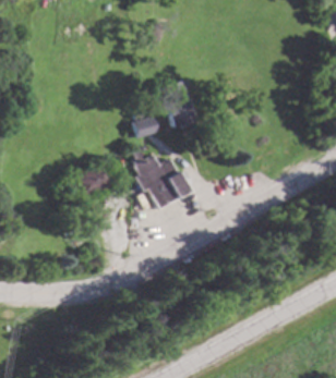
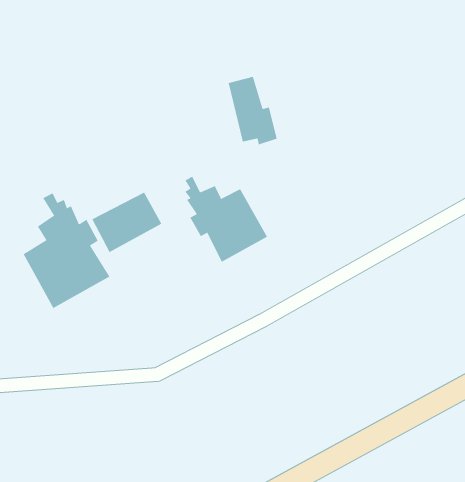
building: [135,108,159,137] -> none
building: none -> [23,193,110,309]

